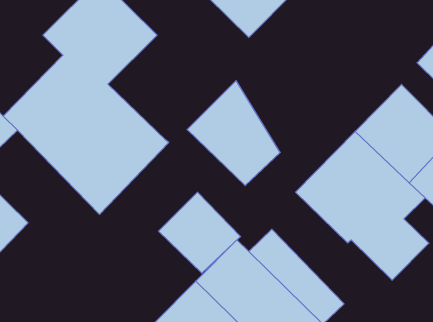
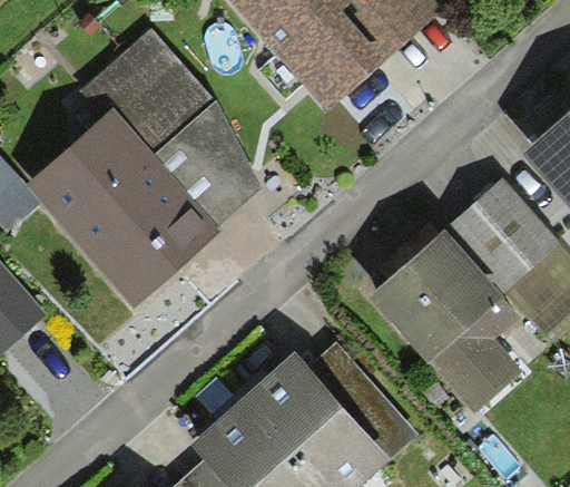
building: [187,81,280,186] -> [154,100,263,226]
building: [159,192,241,273] -> none

